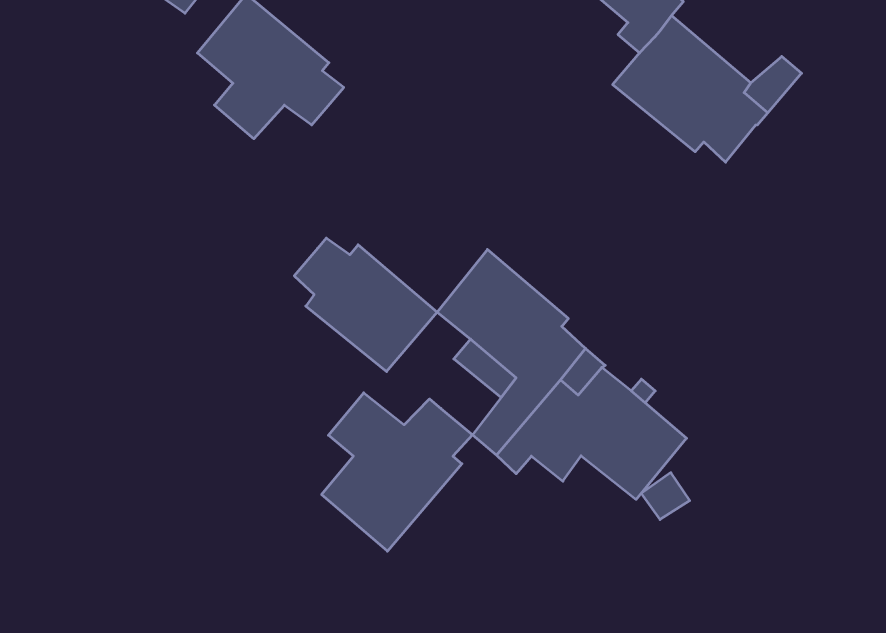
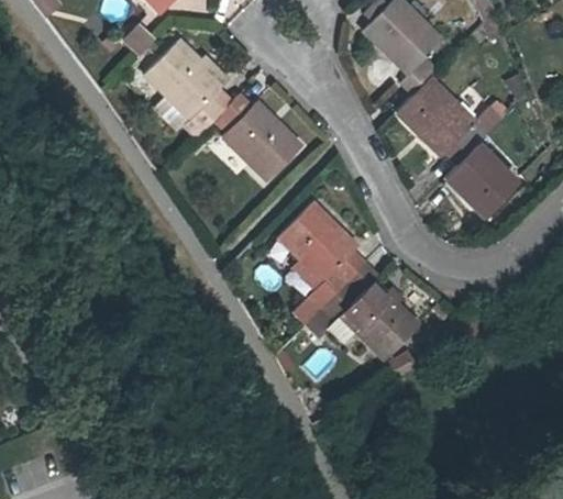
building: none -> [445,143,518,218]
building: [294,238,437,372] -> [219,96,302,178]
building: [322,393,473,551] -> none

